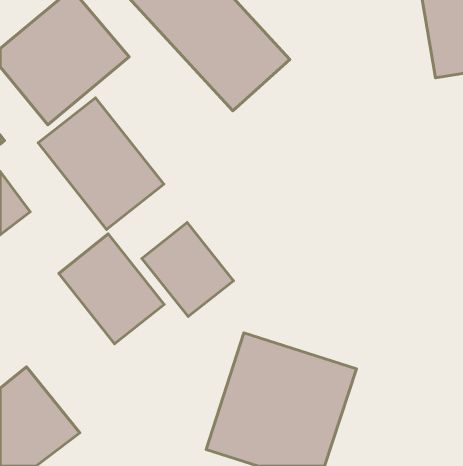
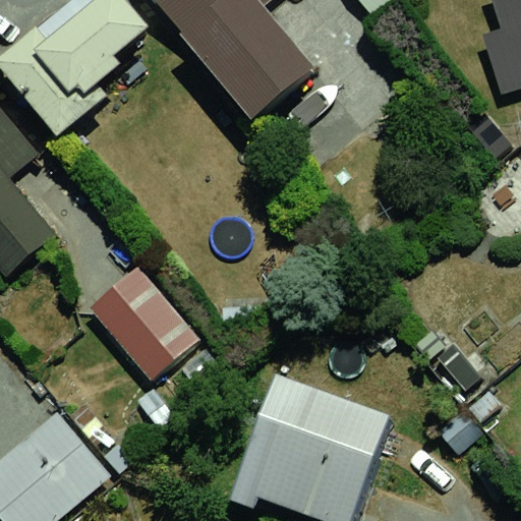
building: [38,98,164,229] -> none
building: [142,223,233,317] -> none

